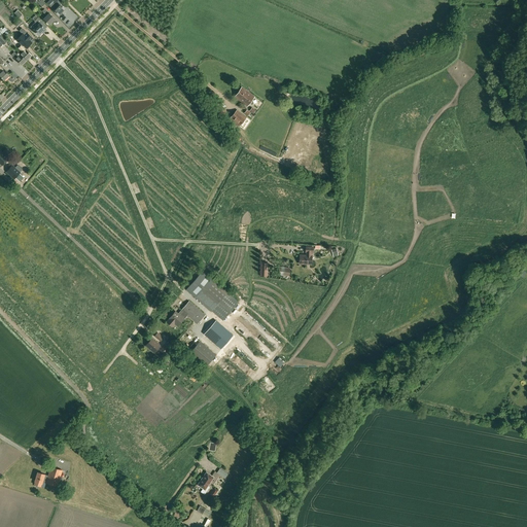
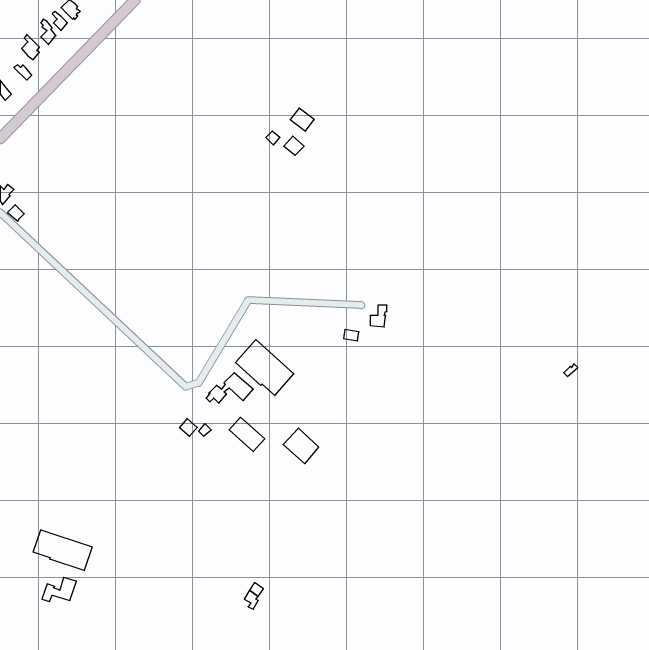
building: [205,320,234,349] -> [283,428,319,464]
building: none -> [33,530,92,571]

